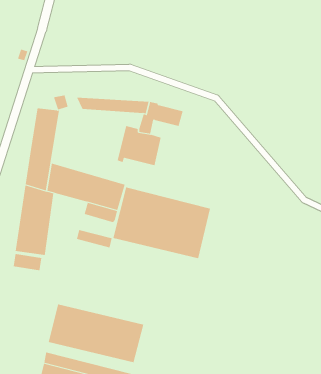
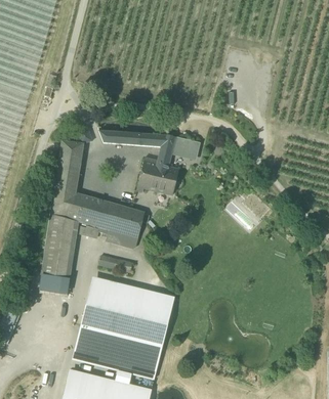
building: [112,187,211,259] -> [82,276,174,344]

